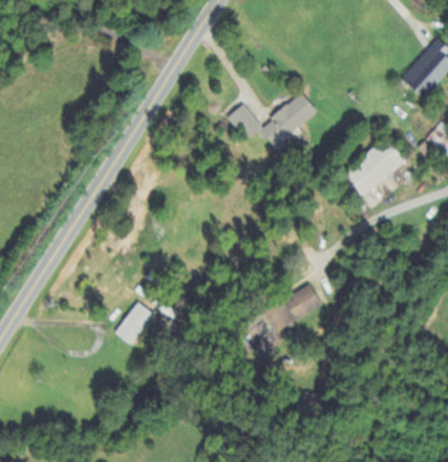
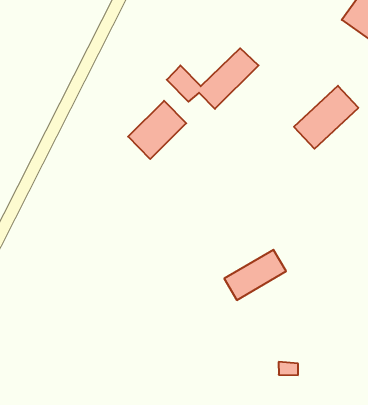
building: none -> [128,101,186,159]
building: [115,303,153,345] -> none

